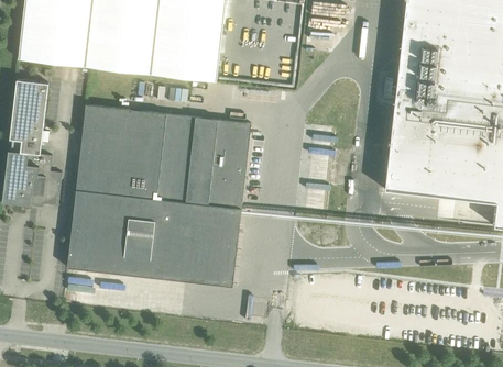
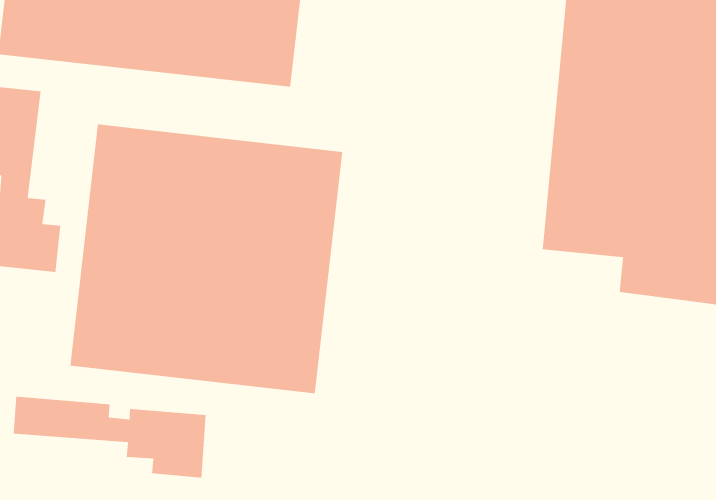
building: none -> [13,396,207,478]

